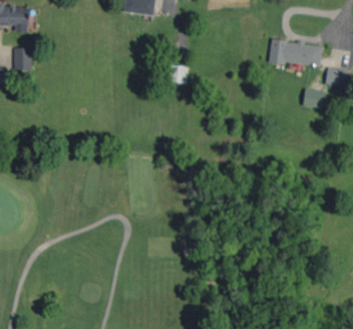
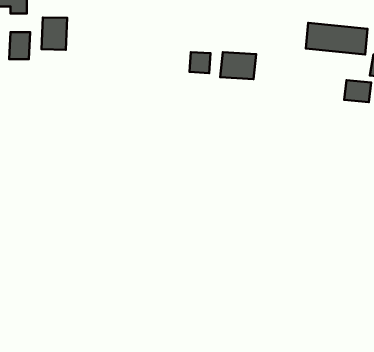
building: none -> [41,17,67,50]
building: none -> [220,52,256,79]

